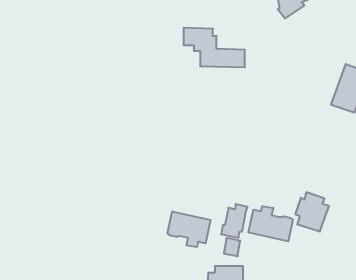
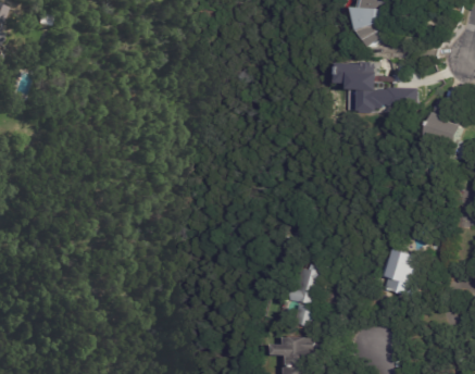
building: [184,28,245,67] -> [339,60,412,107]
building: [249,206,293,241] -> none
building: [167,211,211,247] -> none

